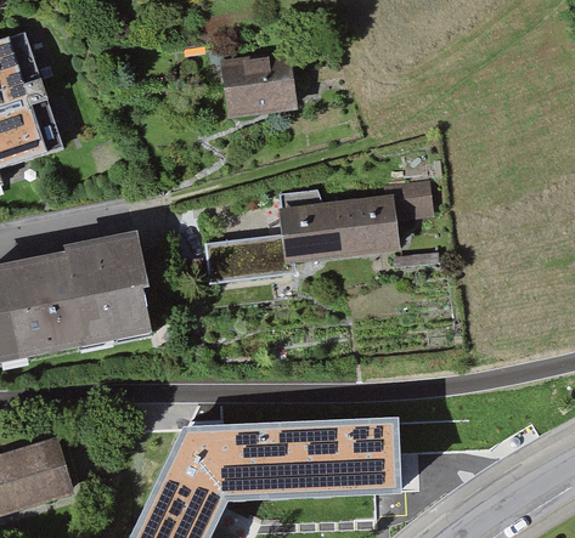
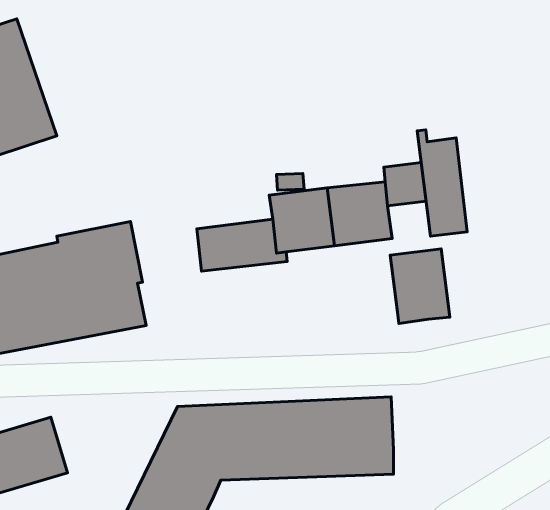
building: [221,52,299,120] -> none
building: none -> [417,130,467,236]
building: none -> [390,249,450,324]

